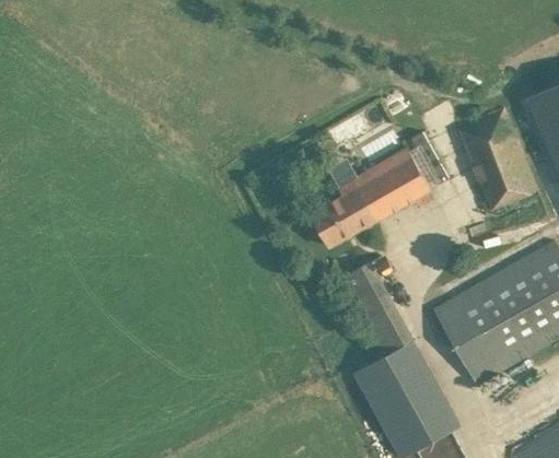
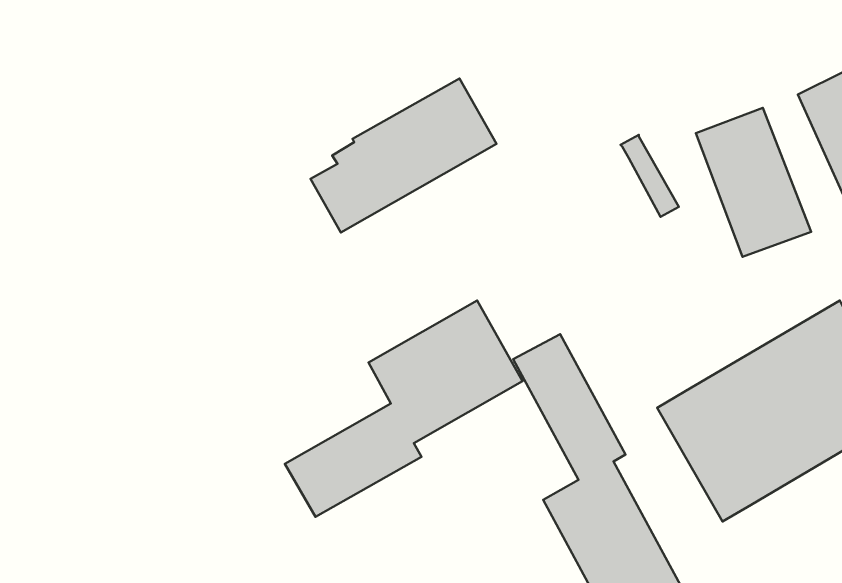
building: [311,149,432,249] -> [311,78,496,233]
building: none -> [285,301,523,517]

